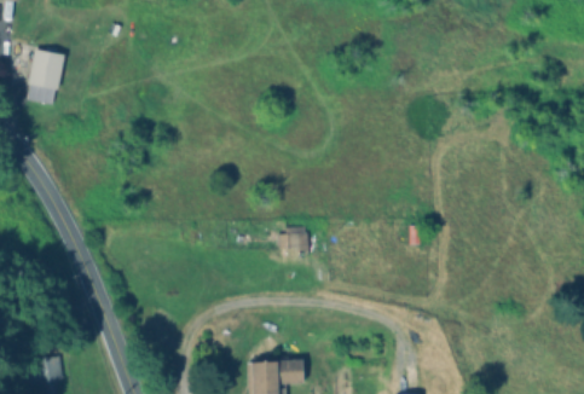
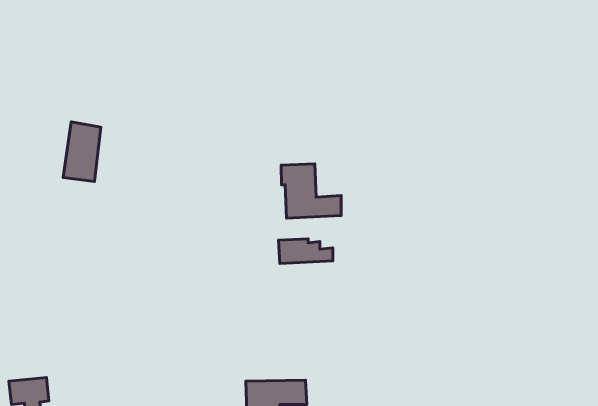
building: [27,48,62,104] -> [63,122,101,182]
building: none -> [281,164,341,218]

